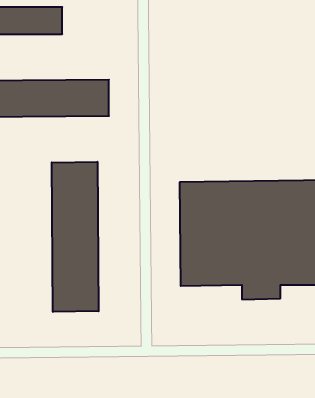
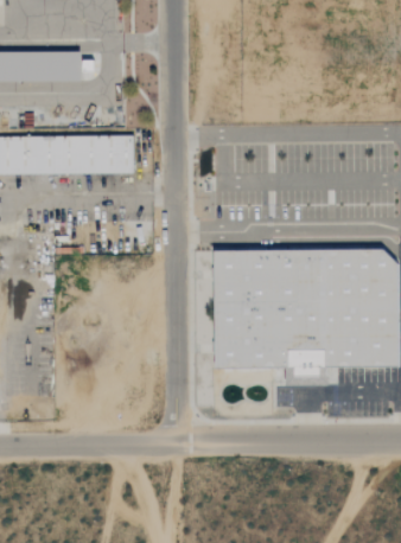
building: [52,162,99,312] -> none

